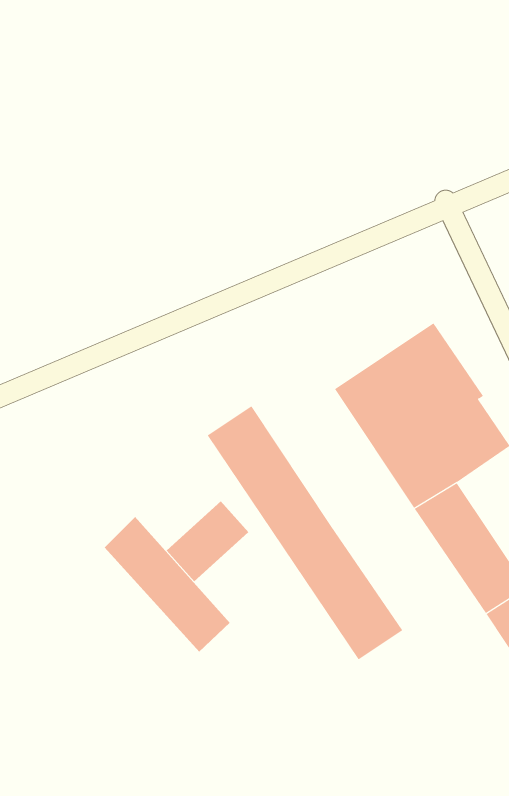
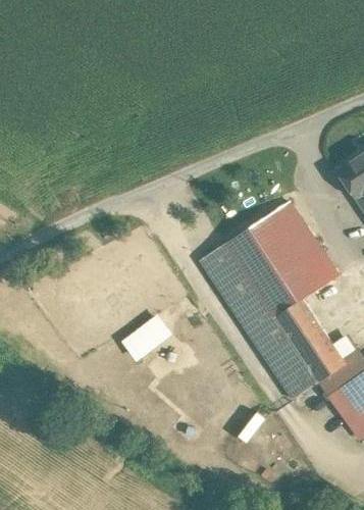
building: [207,406,403,660] -> [198,243,318,399]
building: [104,516,230,653] -> none

